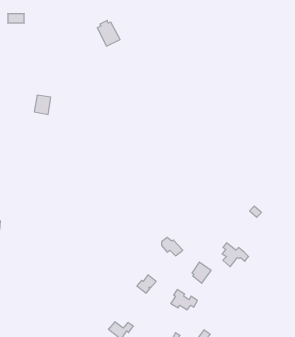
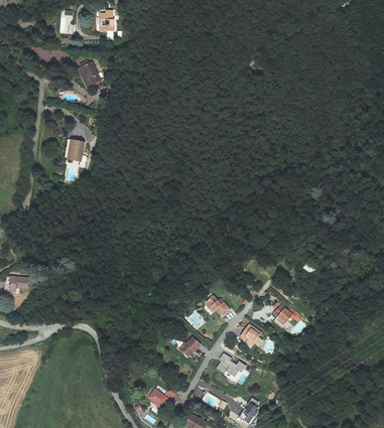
building: [97,20,120,46] -> [77,59,102,88]

